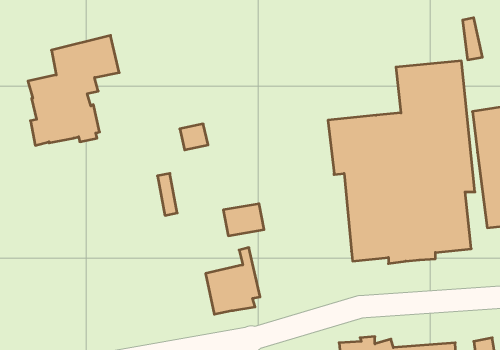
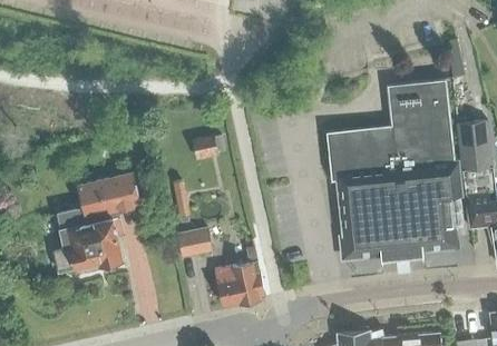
building: [28,35,119,145] -> [57,171,139,270]
building: [223,204,264,236] -> [176,227,213,256]

